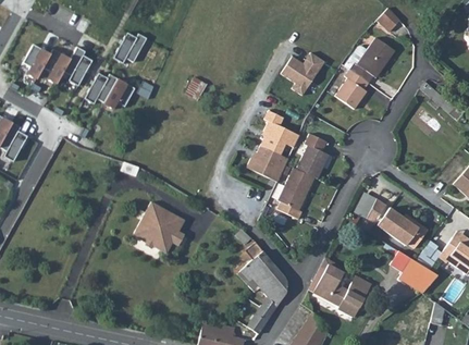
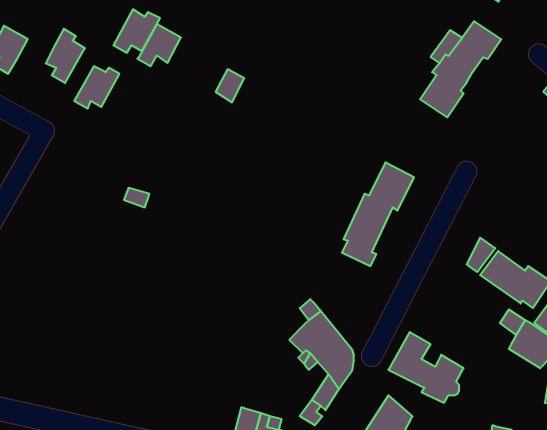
building: [42,49,70,84] -> none
building: [281,51,324,95] -> none
building: [102,78,134,109] -> [137,24,181,66]
building: [247,110,299,181] -> none
building: [131,201,183,252] -> none

